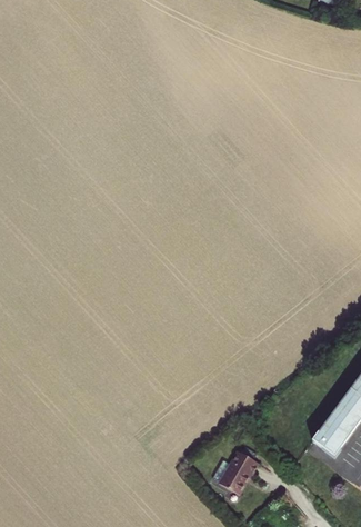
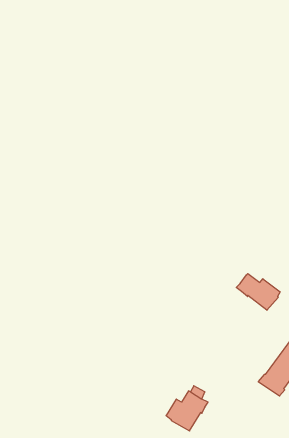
building: none -> [236,274,280,310]

